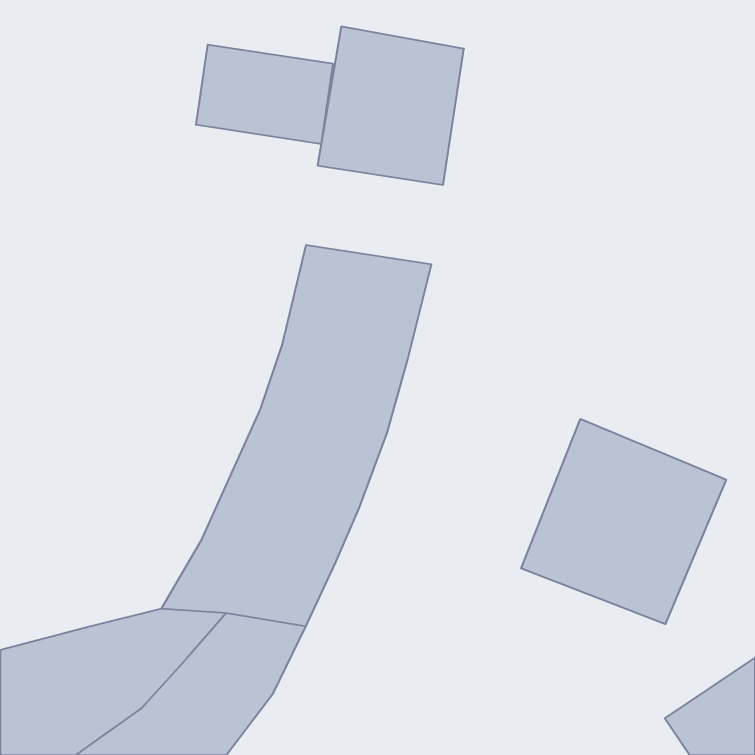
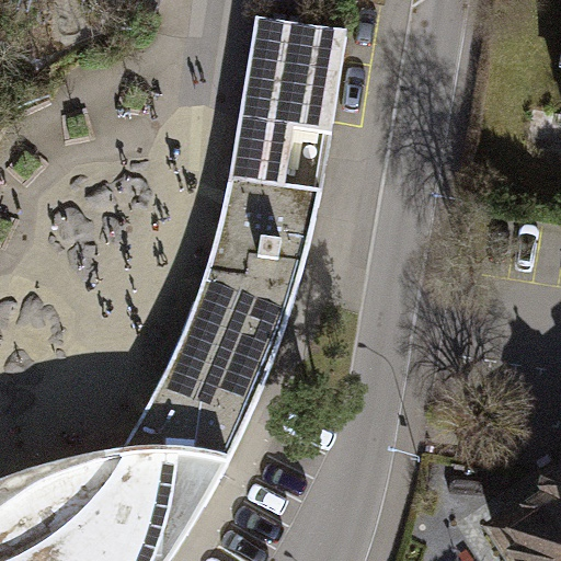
building: [196,45,333,144] -> [227,123,329,196]
building: [521,419,726,624] -> none

